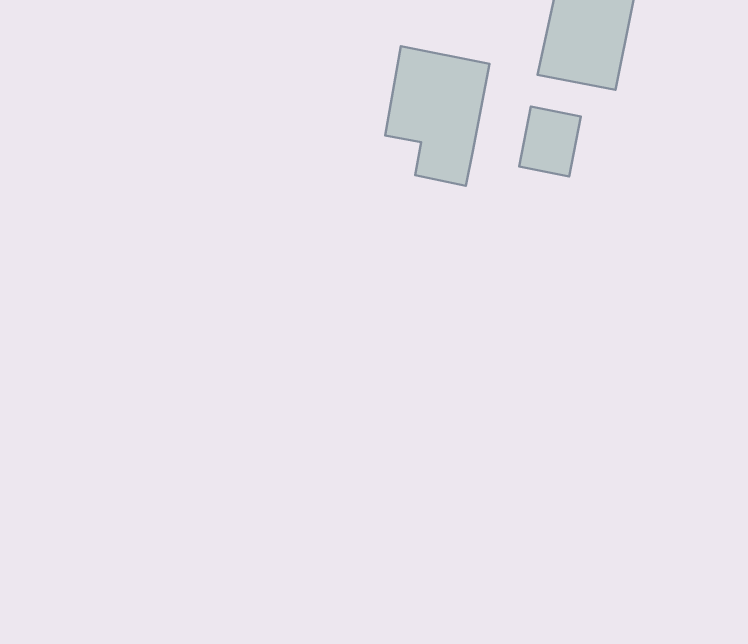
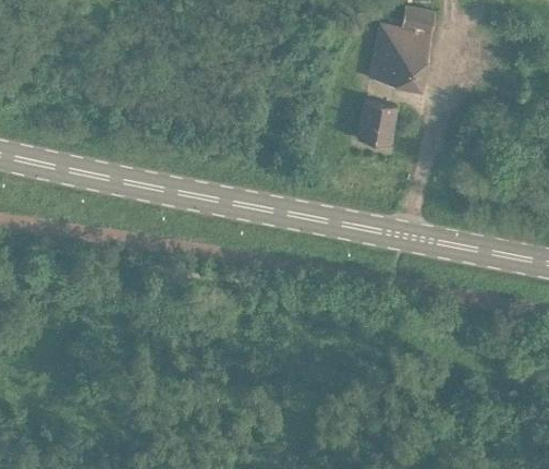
building: [385,46,490,186] -> none

